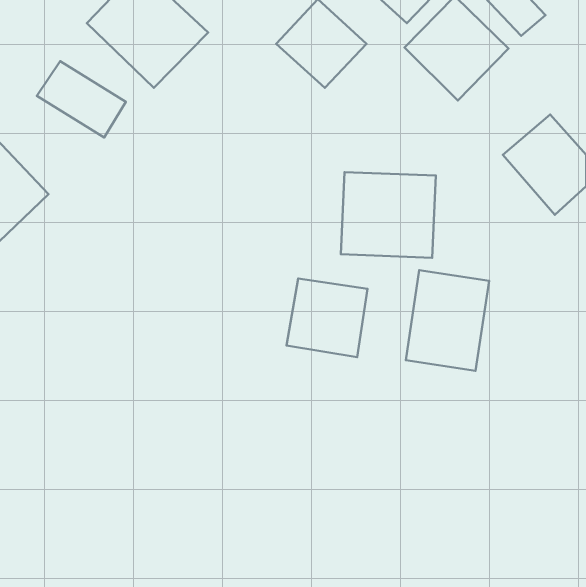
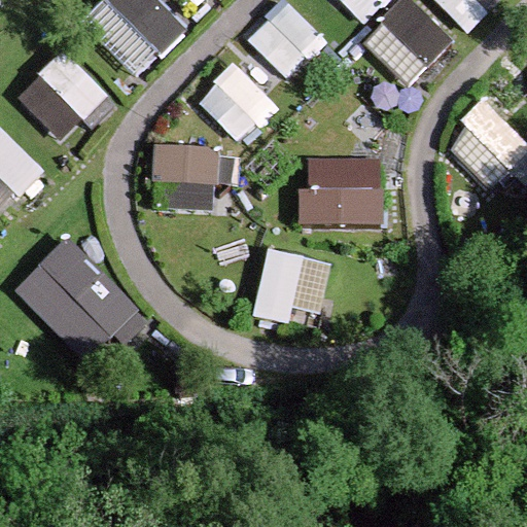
building: none -> [196,61,277,142]
building: none -> [150,148,216,210]
building: none -> [16,237,138,361]
building: [406,270,489,371] -> none

